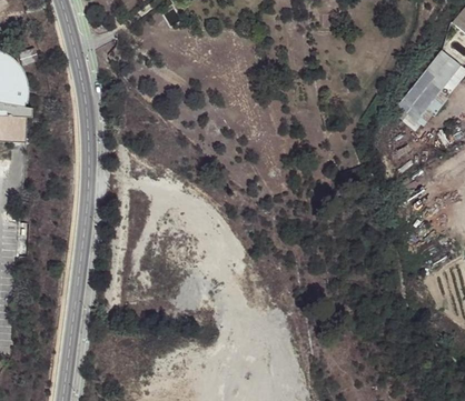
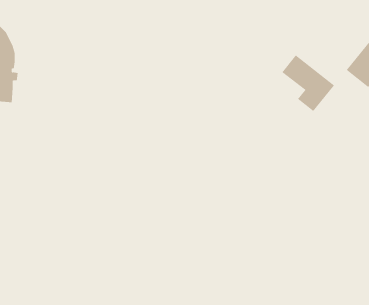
building: none -> [282,55,335,112]

